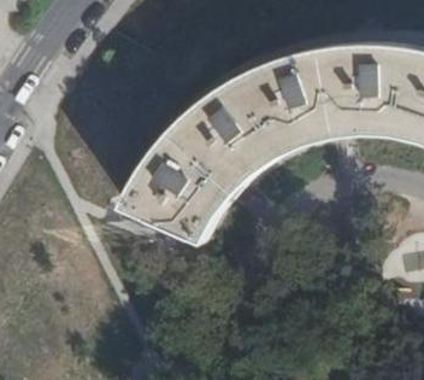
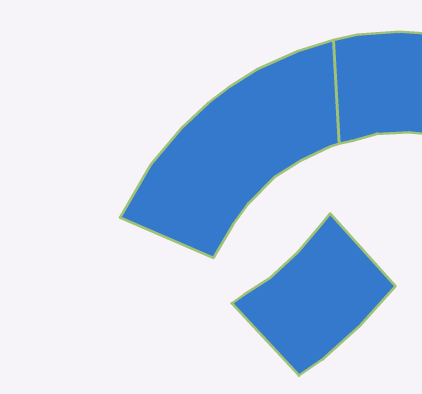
building: none -> [232,214,395,376]

